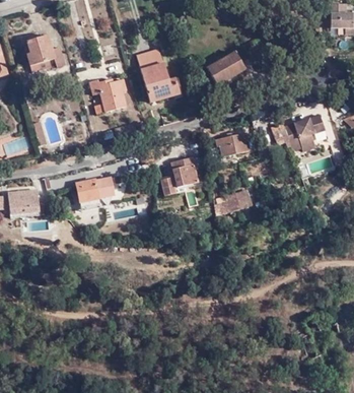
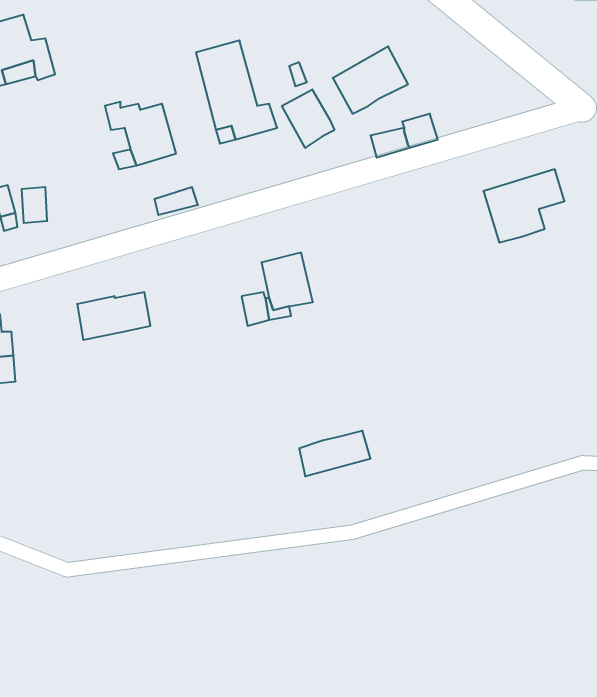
building: none -> [282,89,334,148]
building: [216,134,250,157] -> none
building: [215,191,252,214] -> [299,431,371,476]

